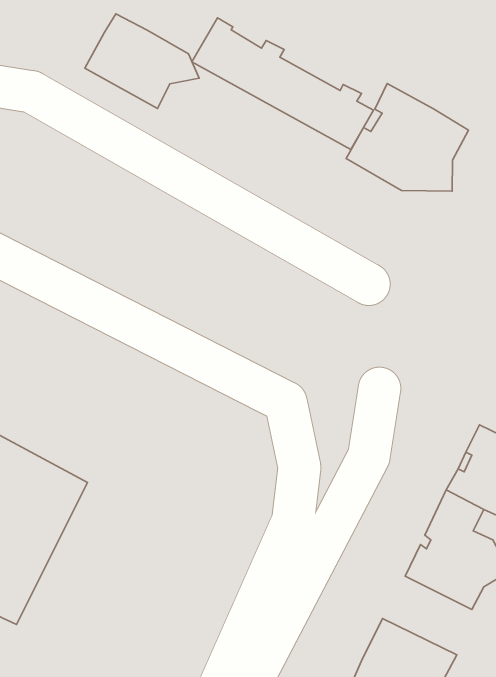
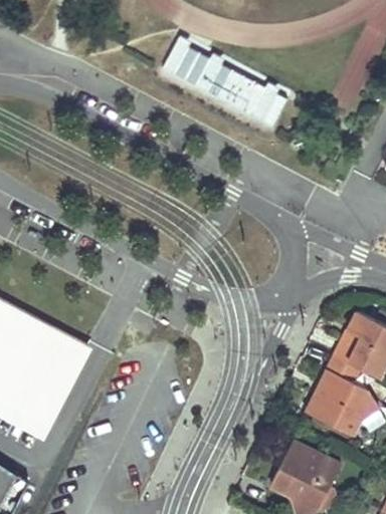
building: [85,14,199,108] -> none
building: [346,84,468,191] -> none

